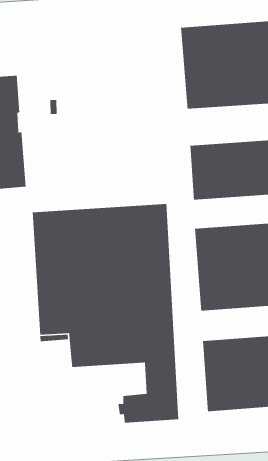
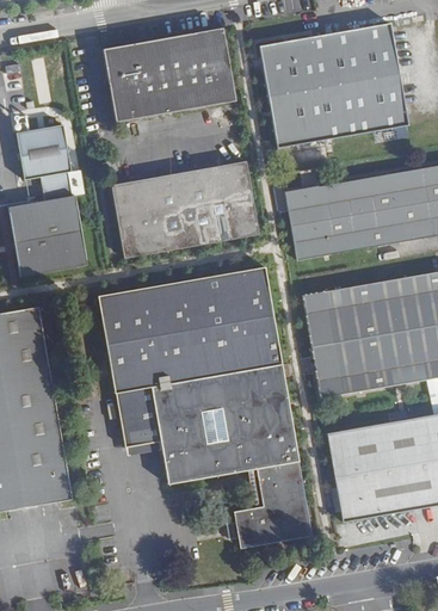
building: none -> [100,26,234,122]
building: none -> [115,161,260,255]

